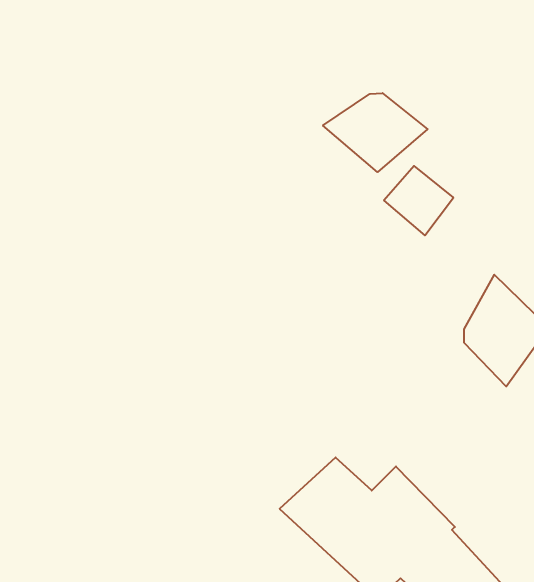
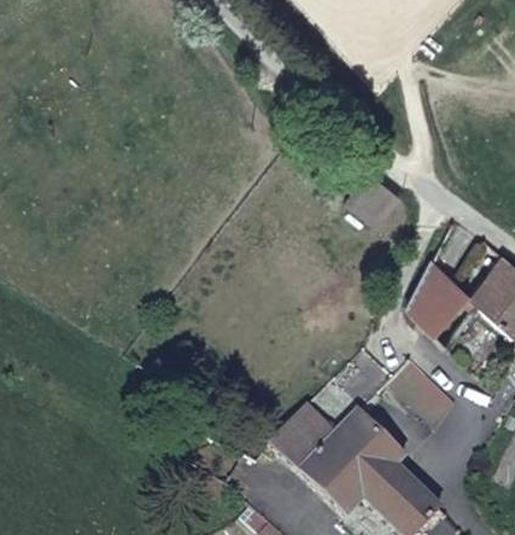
building: [323,93,428,172] -> none
building: none -> [384,353,460,431]

